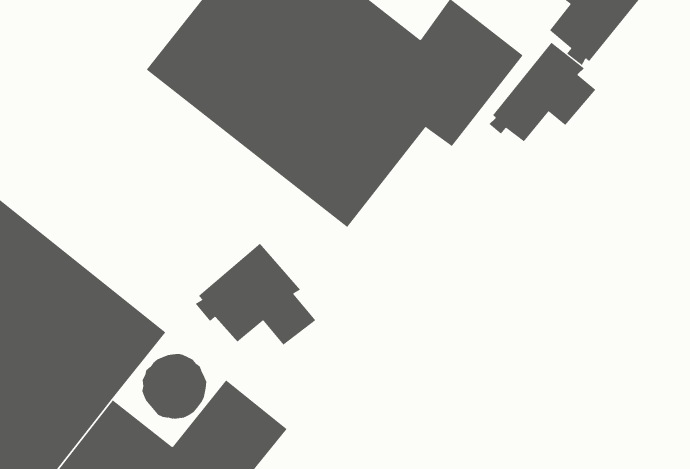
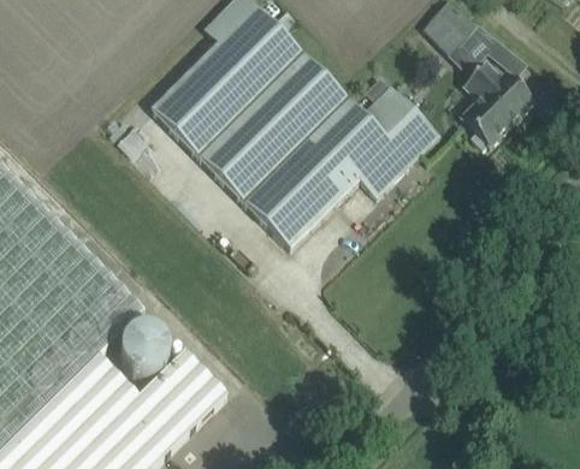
building: [489,42,596,142] -> none
building: [195,243,316,346] -> none

